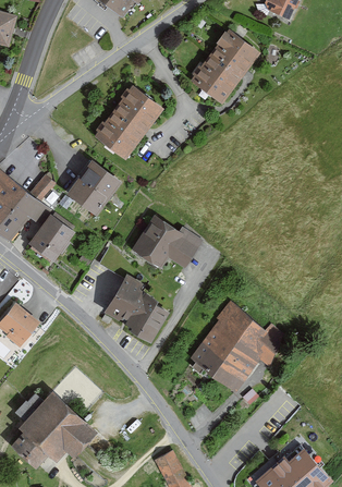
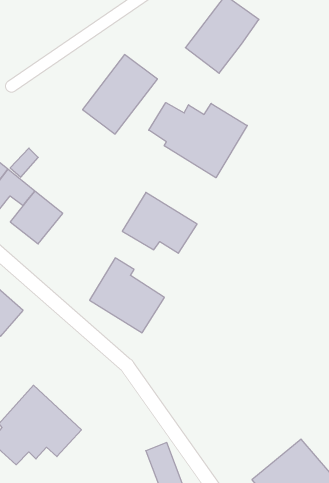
building: none -> [149,103,247,178]
building: [64,159,120,215] -> none
building: [190,299,295,390] -> none

